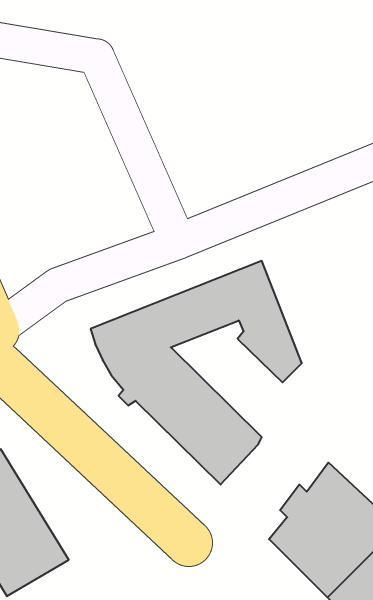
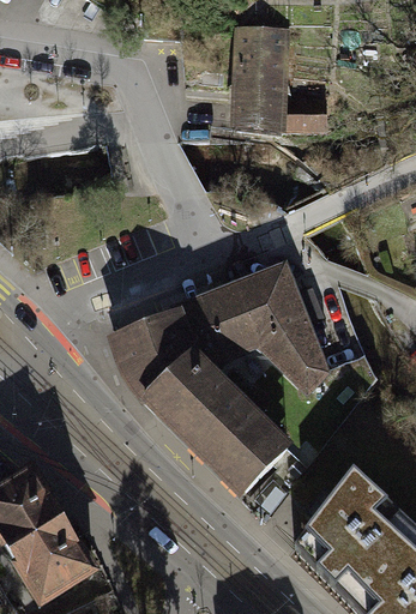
building: none -> [235,34,328,133]

